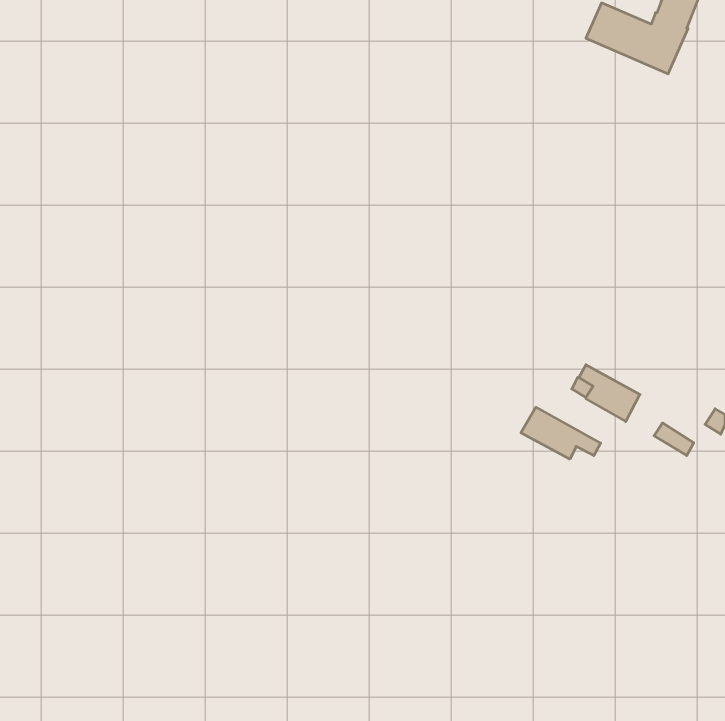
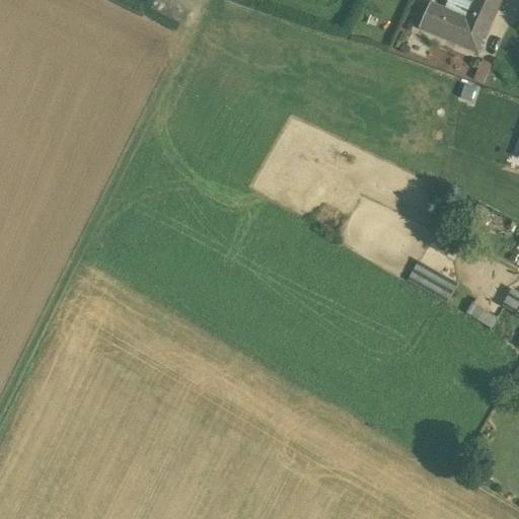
building: [521,407,601,459] -> none

